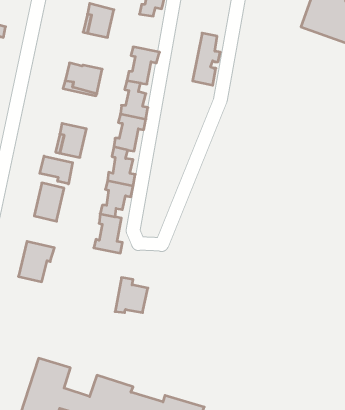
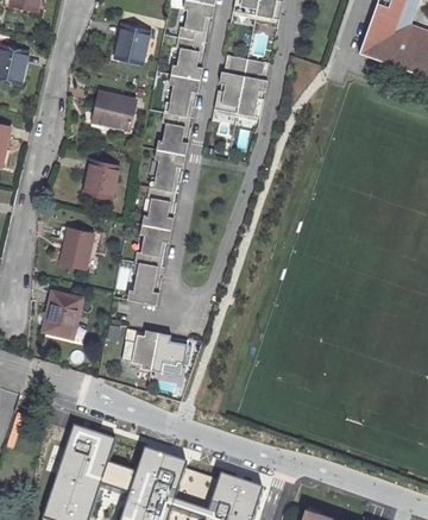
building: none -> [171,38,203,81]
building: none -> [215,56,248,113]
building: [40,156,73,184] -> none
building: none -> [122,331,158,371]

